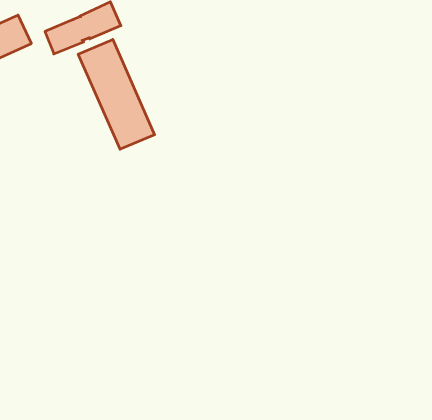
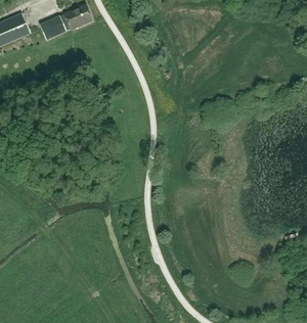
building: [78,39,155,149] -> none

